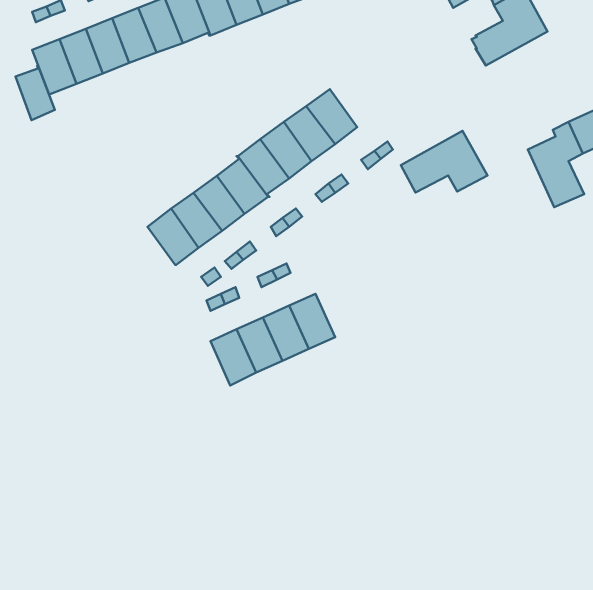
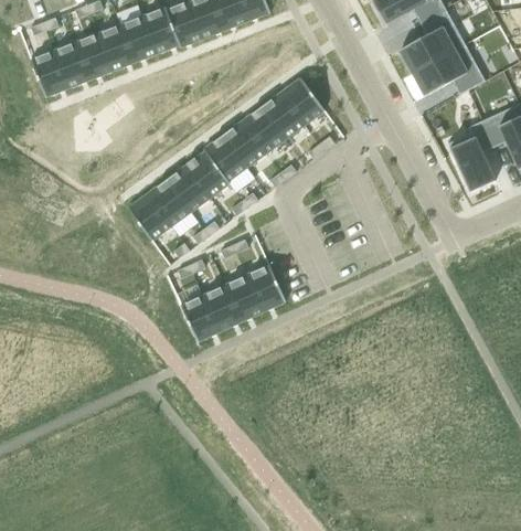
building: [15,65,55,120] -> none
building: none -> [281,76,325,124]
building: [401,131,487,193] -> [413,43,486,95]

